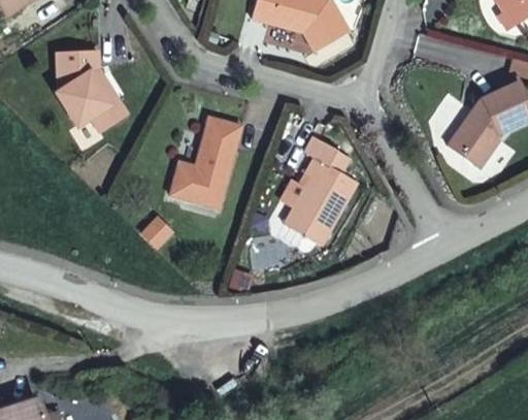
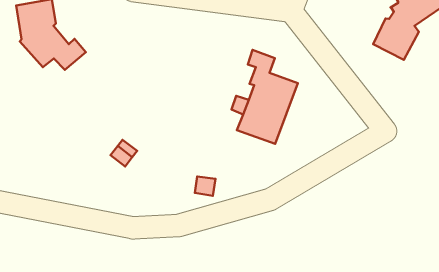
building: [168,117,239,206] -> none

